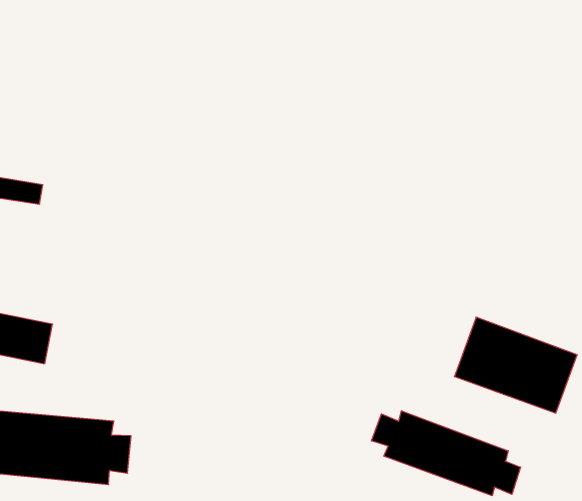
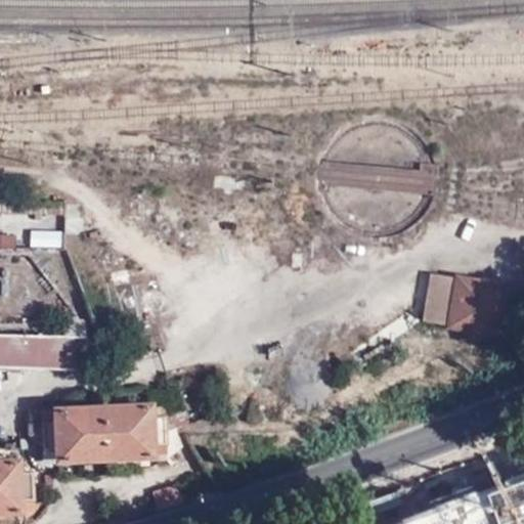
building: [371,411,521,496] -> none

